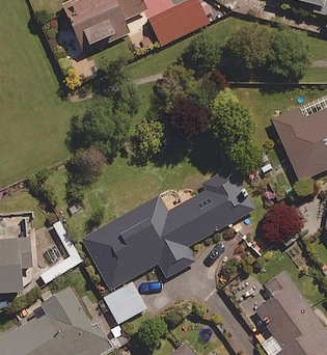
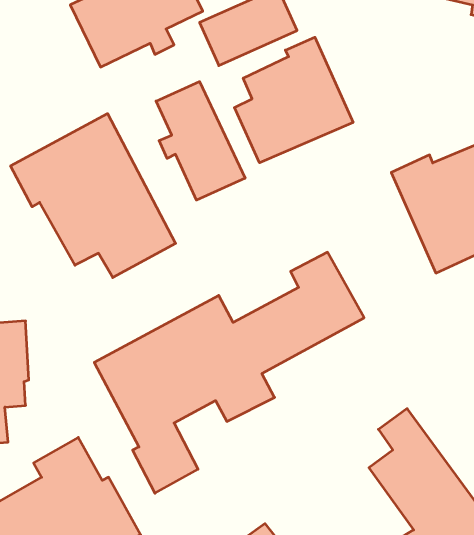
building: none -> [234,37,353,163]
building: none -> [156,82,245,200]
building: none -> [11,114,176,278]

